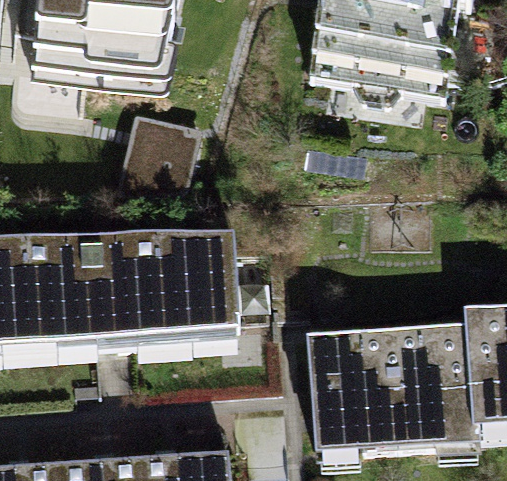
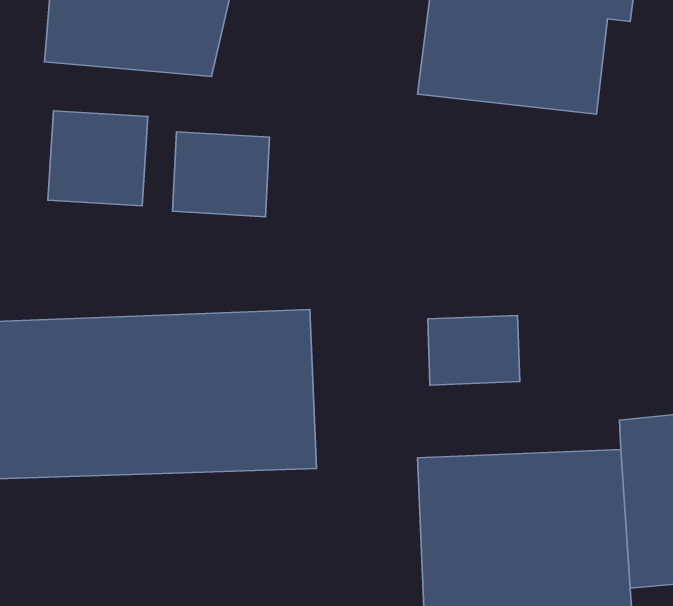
building: none -> [48,111,148,206]
building: none -> [428,315,520,385]

